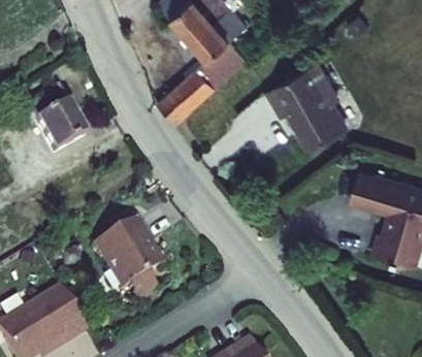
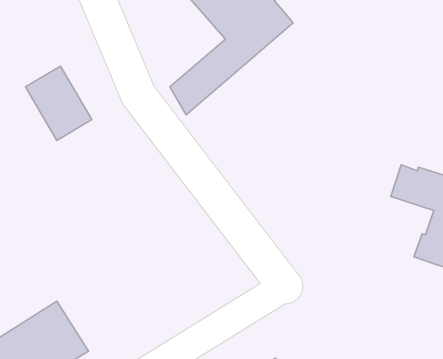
building: [270,66,352,155] -> none
building: [90,218,165,311] -> none

